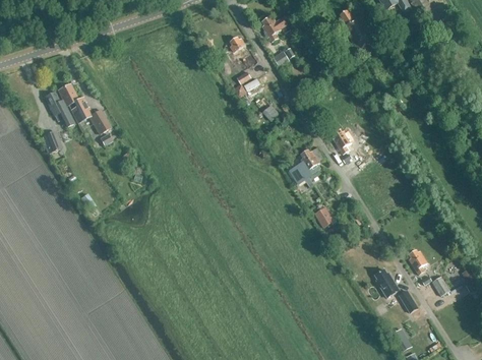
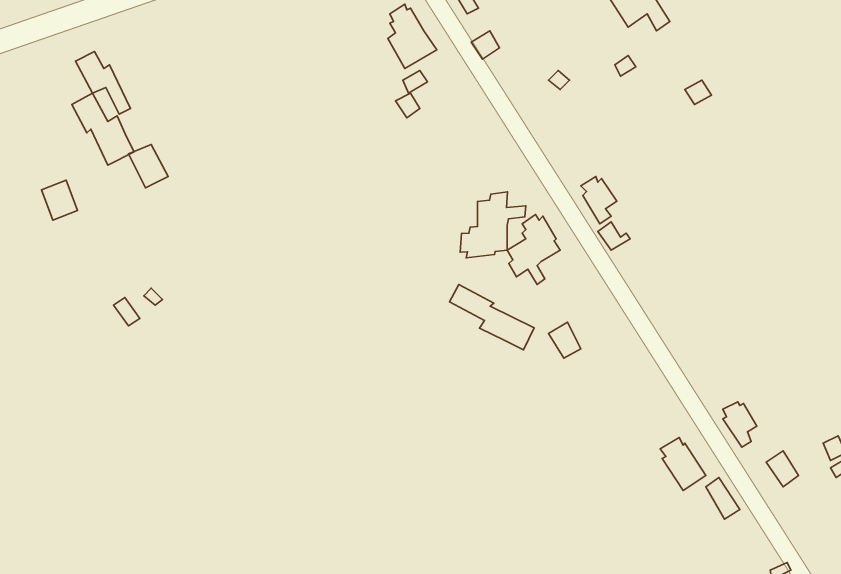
building: [44,92,73,125] -> [76,52,130,114]
building: none -> [460,192,526,258]
building: none -> [449,285,534,350]

